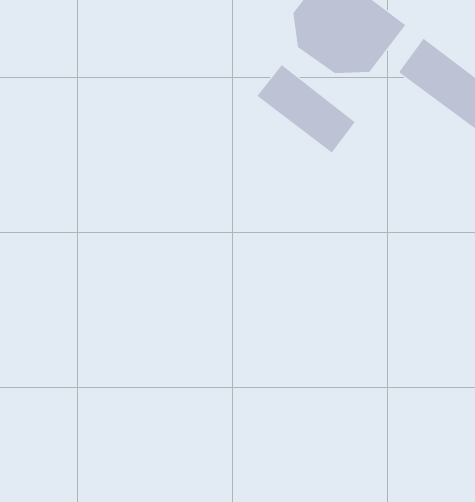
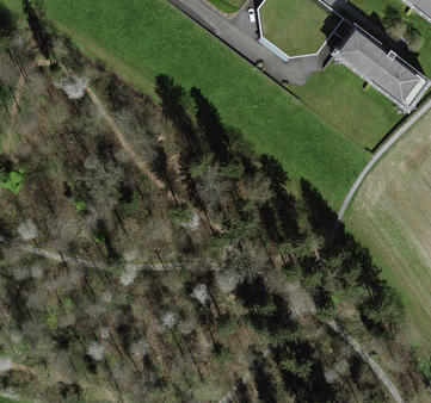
building: [257,64,356,153] -> none

